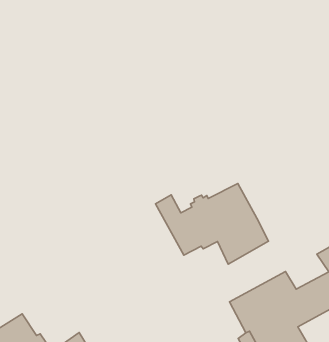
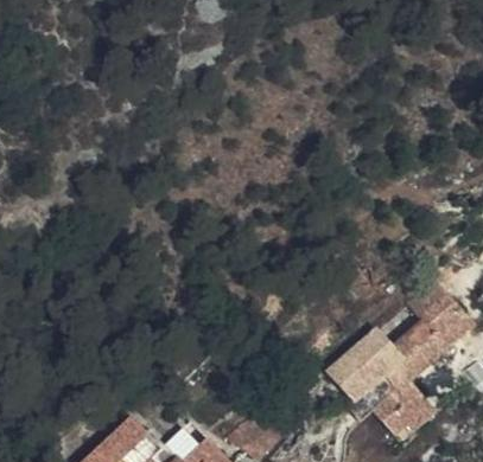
building: [155,183,269,264] -> none

